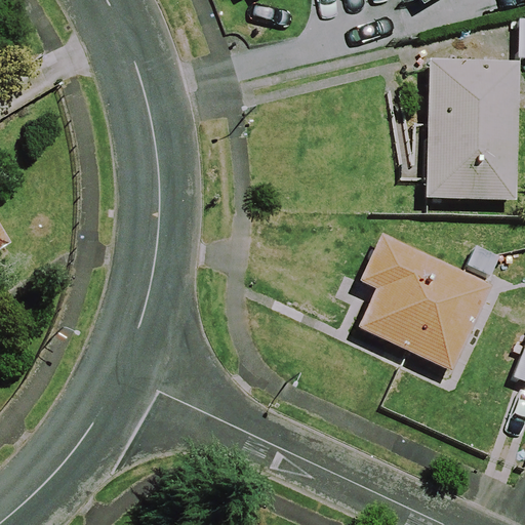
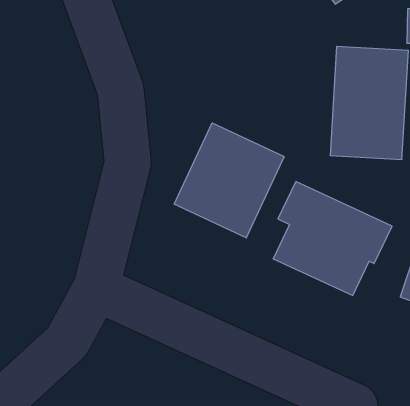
building: none -> [174,123,284,238]

